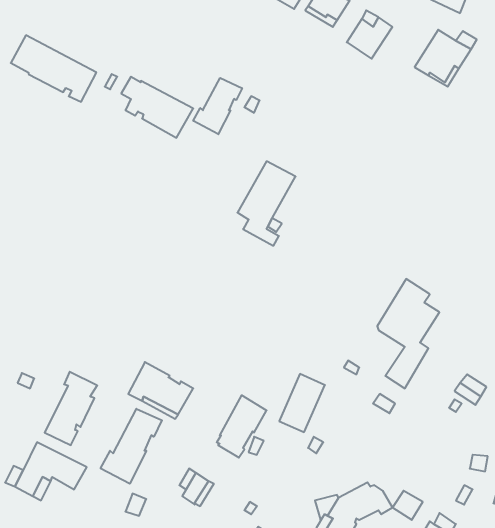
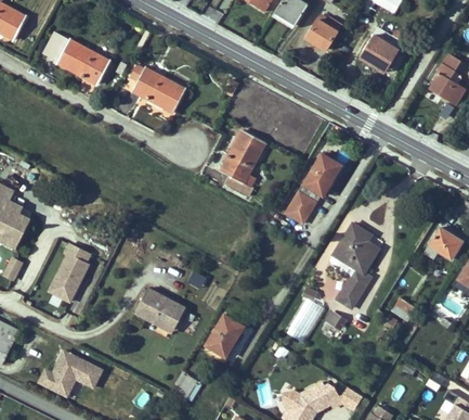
building: [193,78,242,134] -> none
building: none -> [285,153,341,224]
building: [45,372,97,445] -> [49,243,90,301]
building: [279,374,325,432] -> [286,297,322,343]
building: [101,409,162,484] -> none

